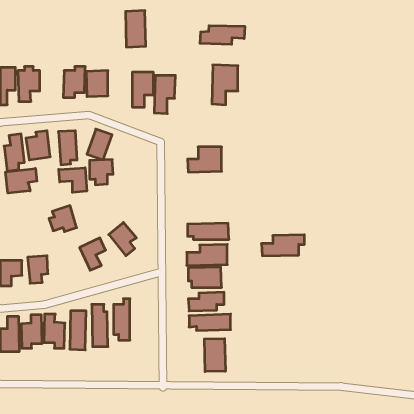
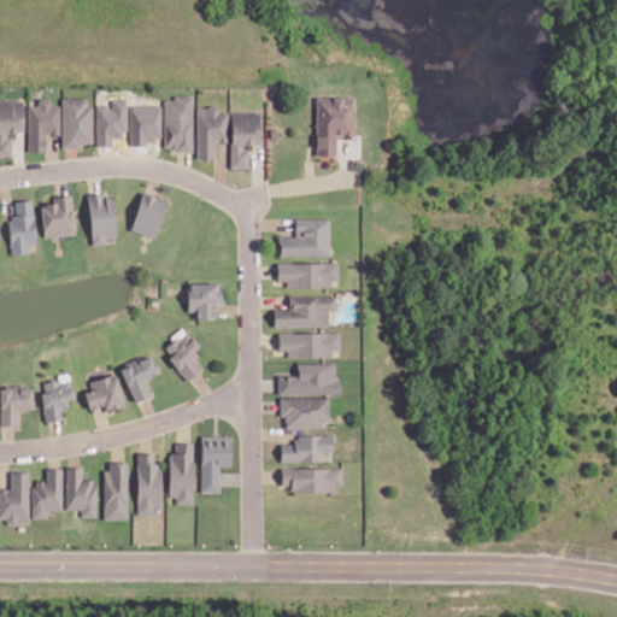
building: [126,11,146,47] -> [164,98,194,152]
building: [200,26,245,44] -> none
building: none -> [61,99,92,147]
building: [90,160,113,185] -> [188,283,223,321]
building: [59,168,87,192] -> none
building: [6,168,37,193] -> none
building: none -> [277,263,340,287]
building: [49,206,77,232] -> [84,374,125,412]
building: [261,235,304,256] -> [274,296,337,328]
building: none -> [201,436,233,493]
building: [204,339,225,372] -> none

